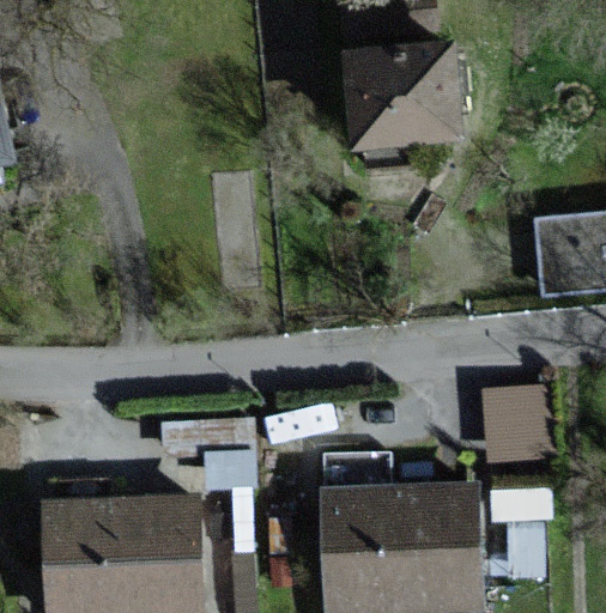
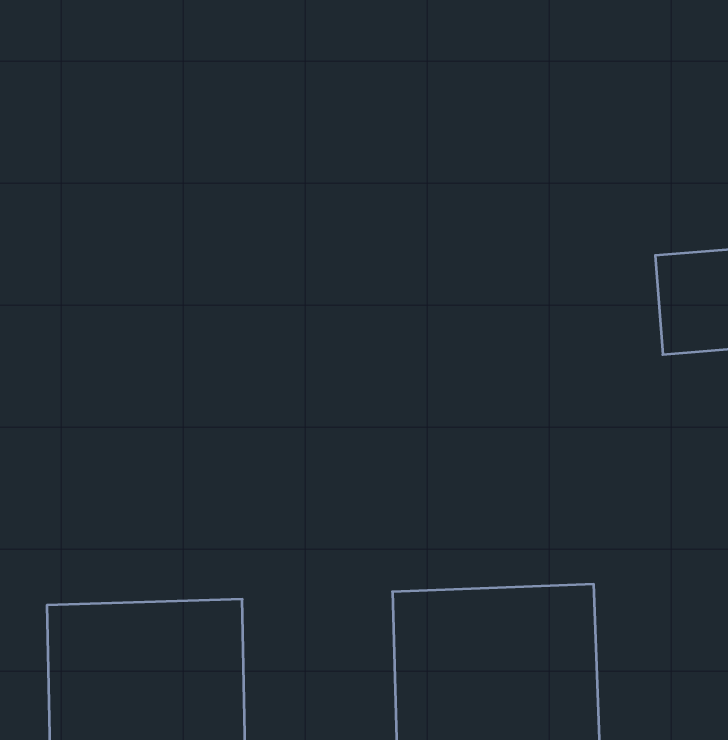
building: [349,47,455,146] -> none
building: [479,384,553,462] -> none

